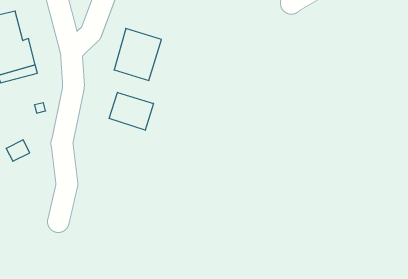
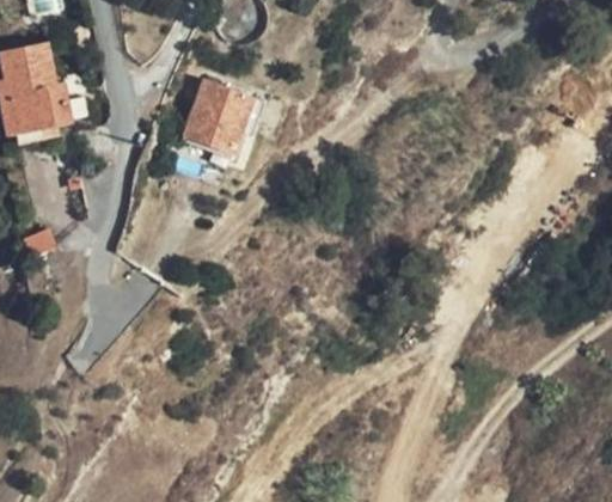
building: [109,92,153,130] -> none

